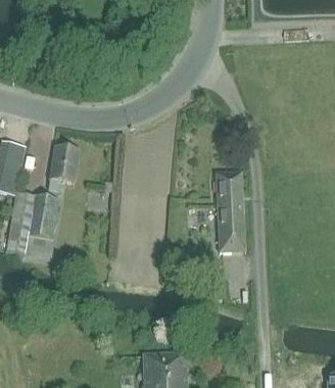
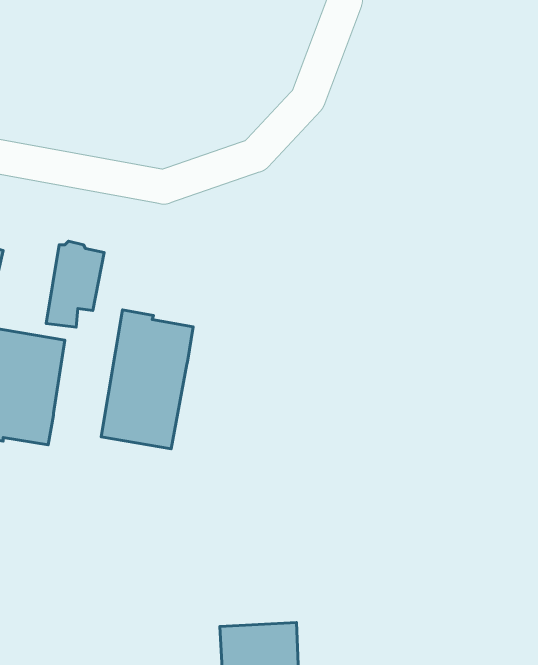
building: [216,173,245,252] -> none
building: none -> [101,310,193,449]

